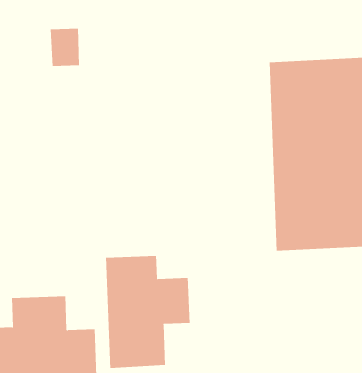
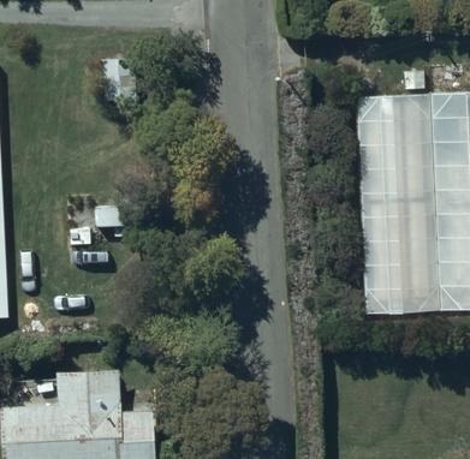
building: [106,255,190,369] -> none

